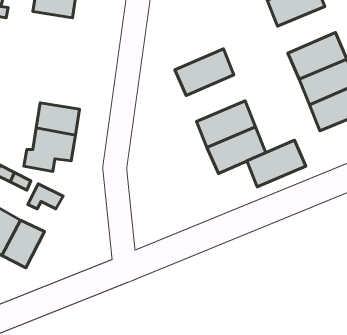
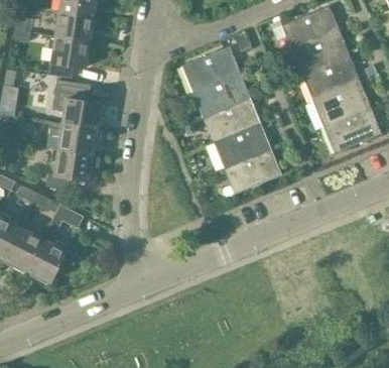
building: none -> [292,31,349,77]
building: none -> [46,36,93,78]
building: none -> [182,47,240,93]
building: none -> [53,81,104,131]
building: [247,140,306,187] -> [204,98,261,143]

